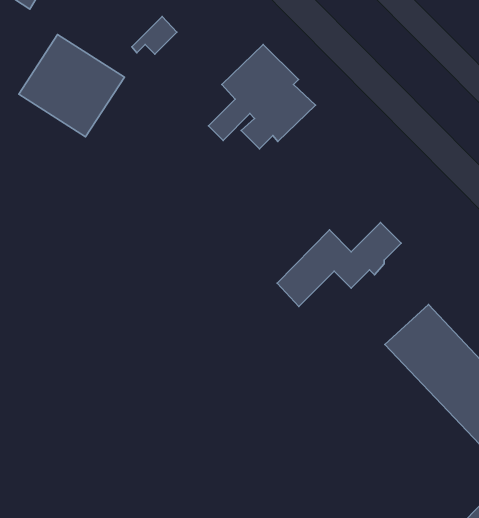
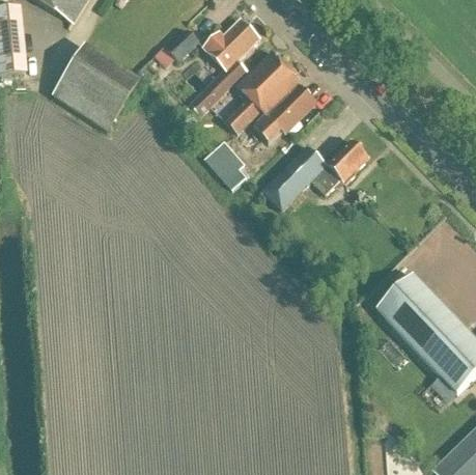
building: none -> [185,20,258,119]
building: none -> [204,140,246,189]
building: [277,223,401,306] -> [262,139,368,211]

